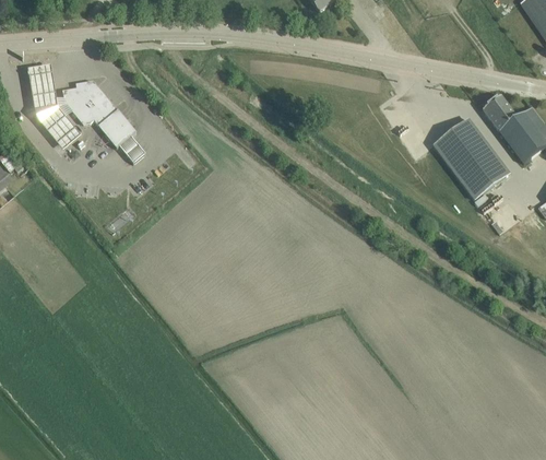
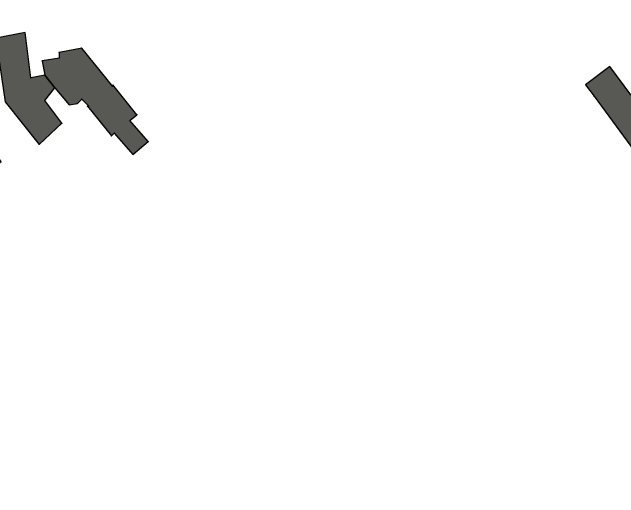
building: [432,117,508,197] -> none

